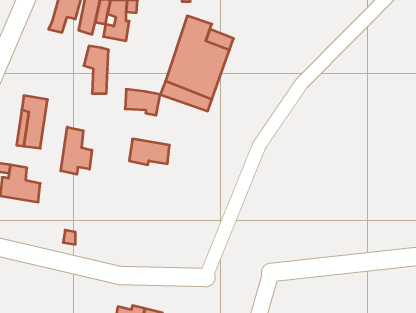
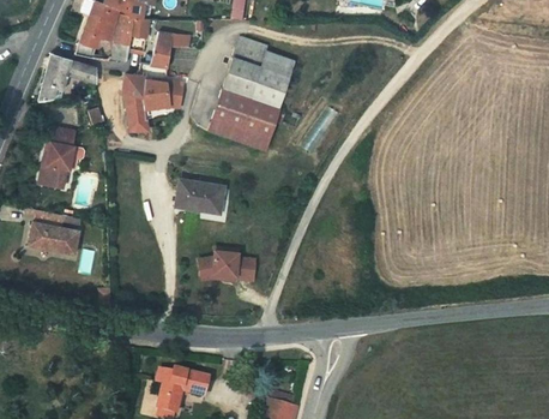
building: none -> [40,55,102,102]
building: [125,89,160,115] -> [147,76,188,106]
building: [61,127,92,174] -> none
building: none -> [203,246,258,281]

